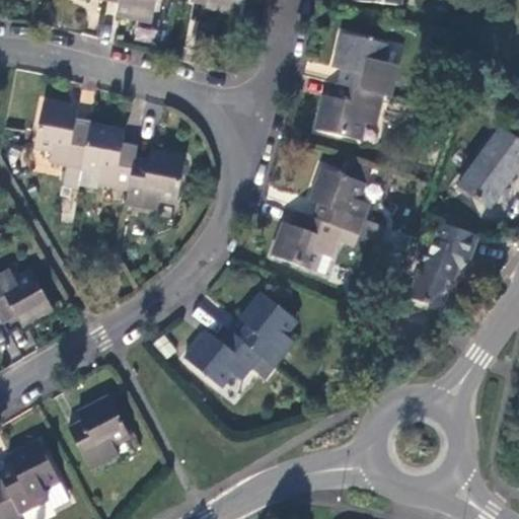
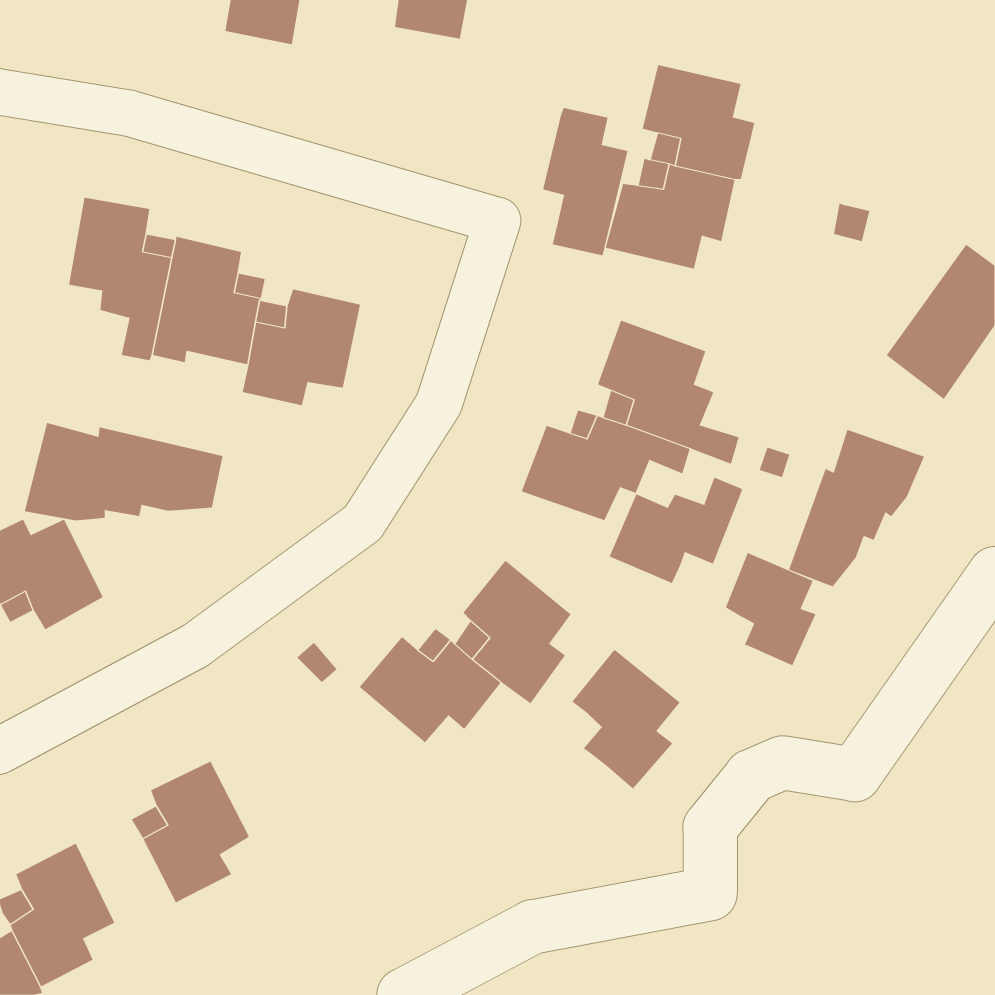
building: none -> [542,107,628,256]
building: none -> [24,422,223,521]
building: none -> [609,477,742,584]
building: none -> [725,552,816,666]
building: none -> [572,649,680,790]

